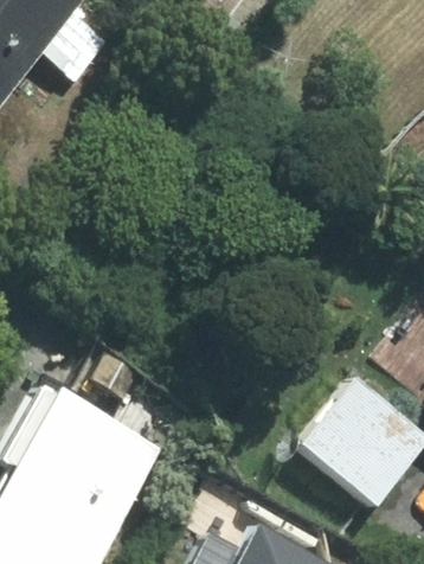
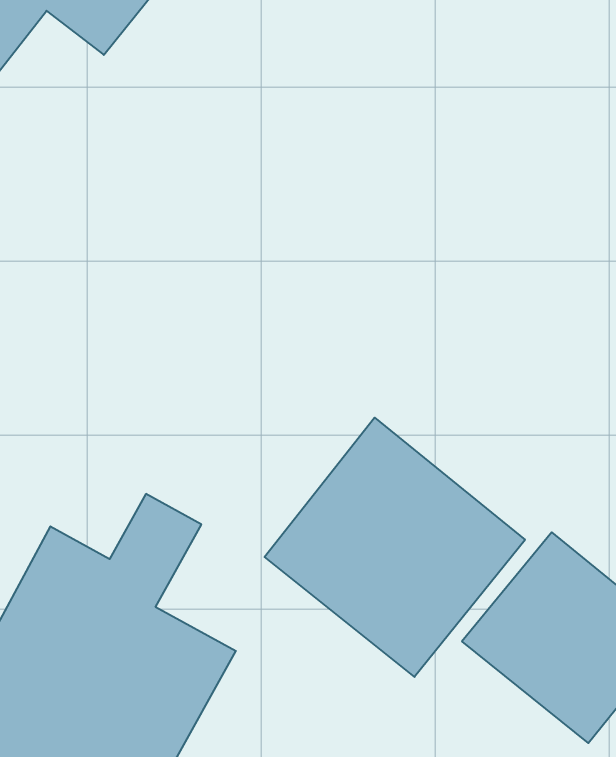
building: none -> [265,418,525,677]

